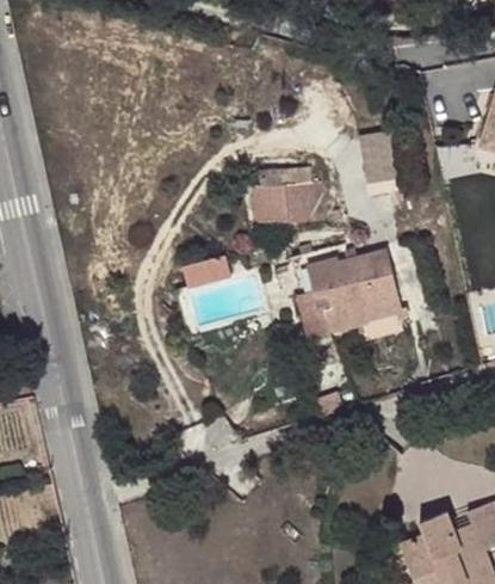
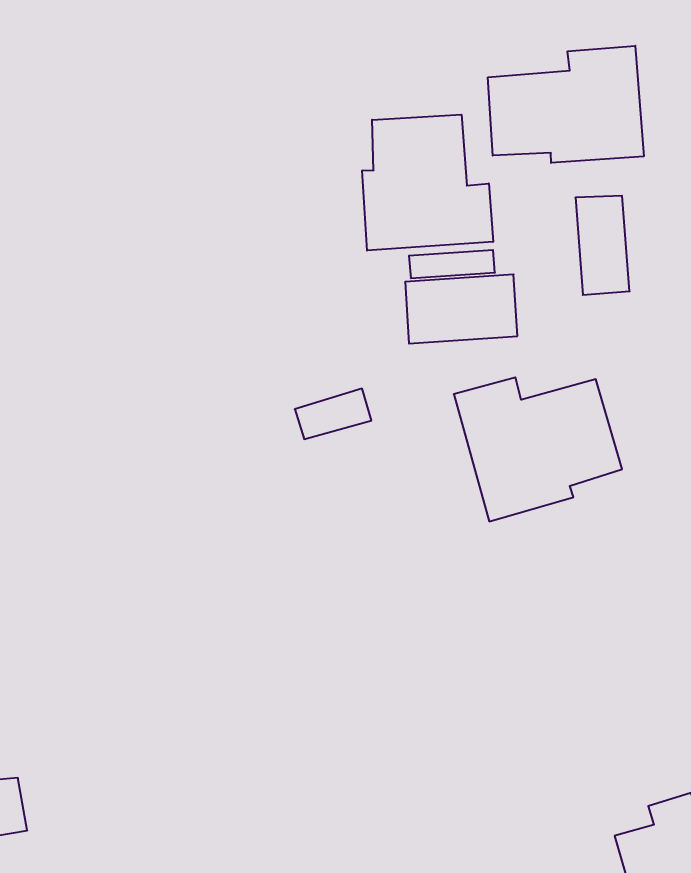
building: none -> [488,46,644,163]
building: none -> [362,115,493,251]

